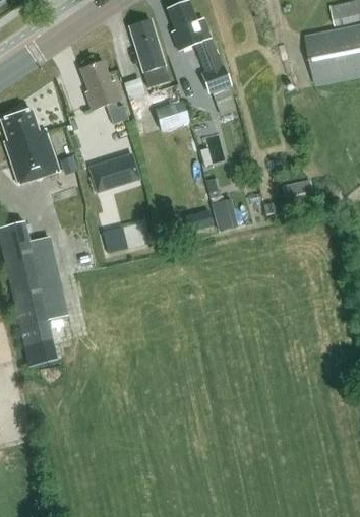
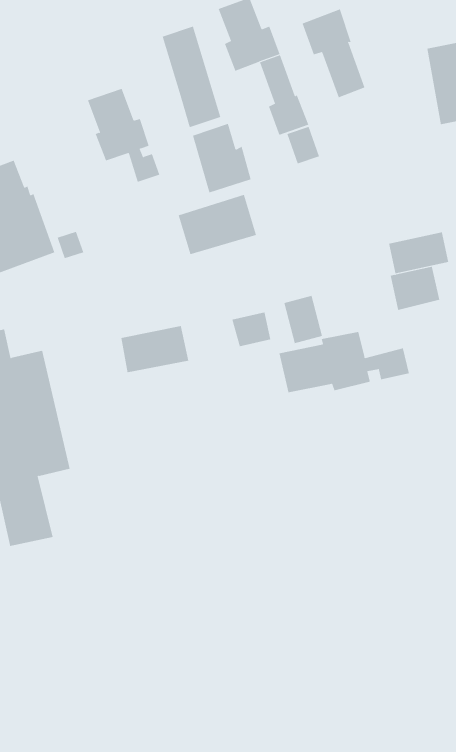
building: none -> [302,8,365,98]
building: [88,152,141,193] -> [178,194,257,255]
building: none -> [389,232,449,274]
building: none -> [279,331,410,393]

